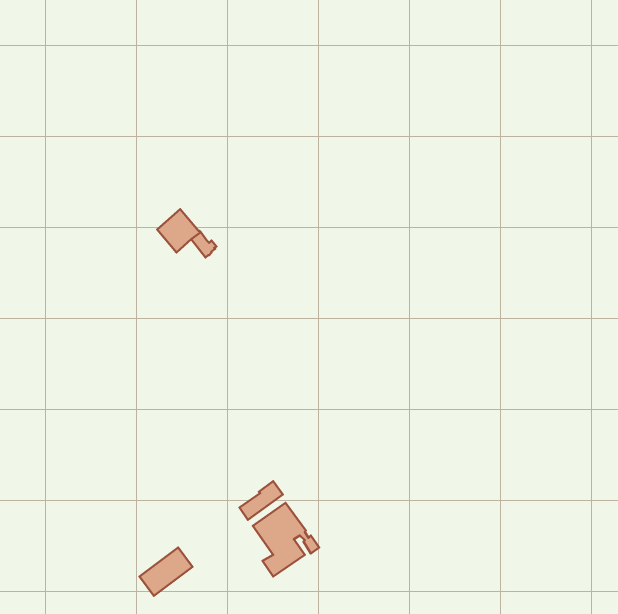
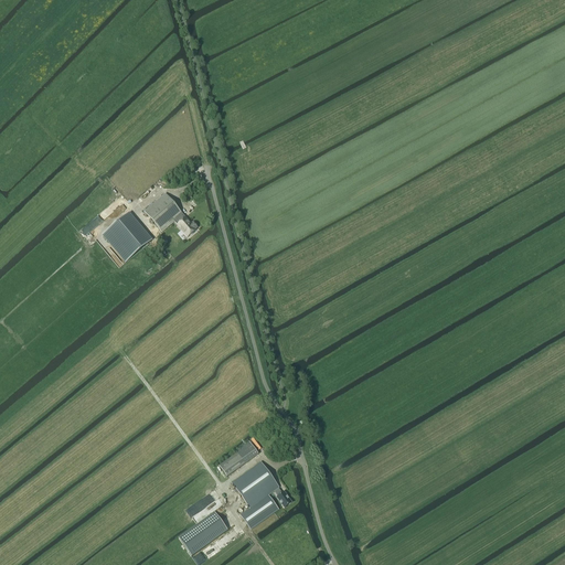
building: none -> [103,213,149,260]
building: [139,548,193,596] -> [179,510,227,554]

